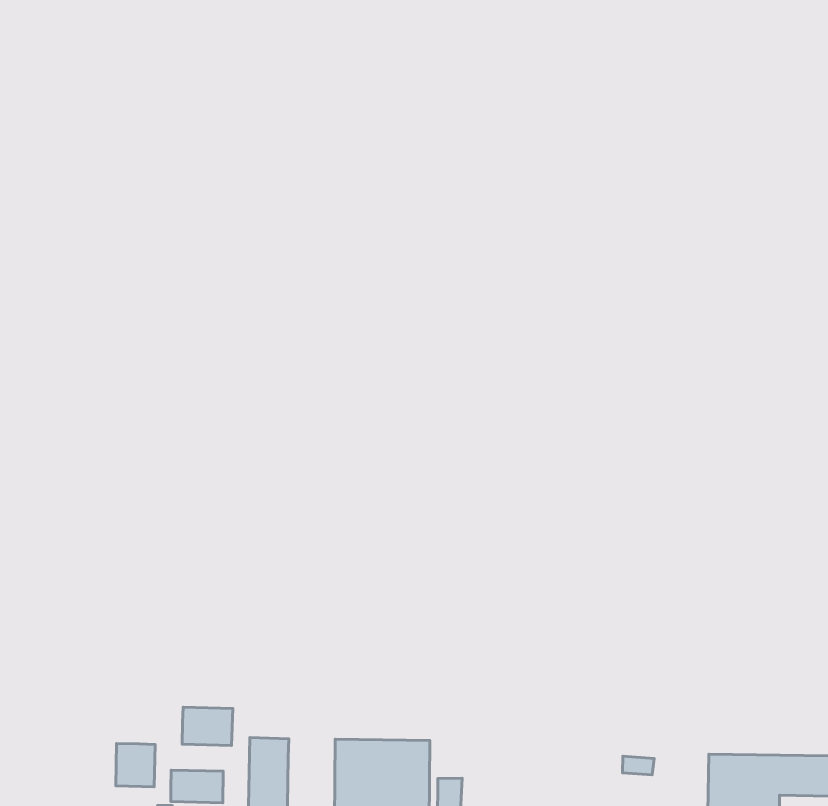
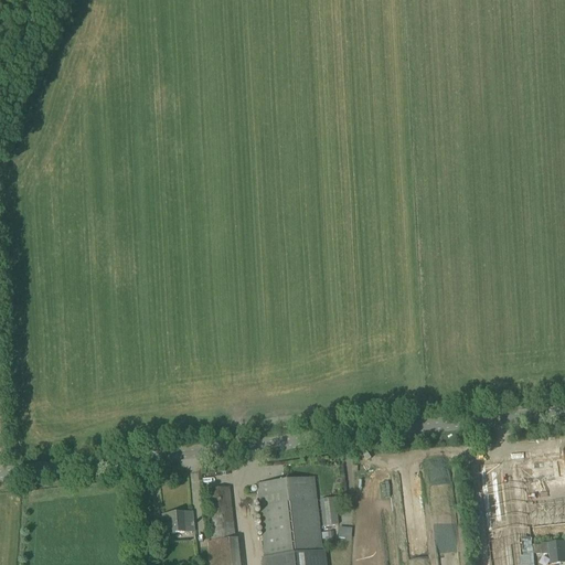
building: [182,707,233,745] -> none
building: [116,743,155,787] -> none

